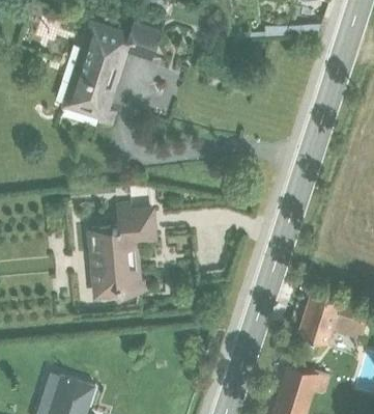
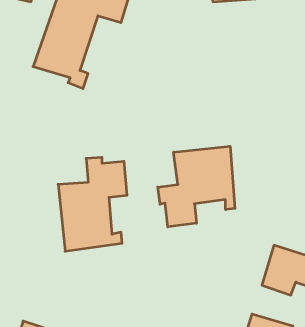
building: none -> [158,146,235,227]

